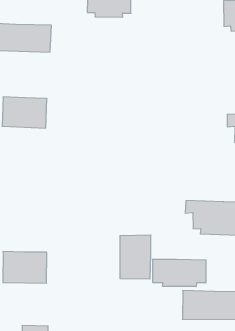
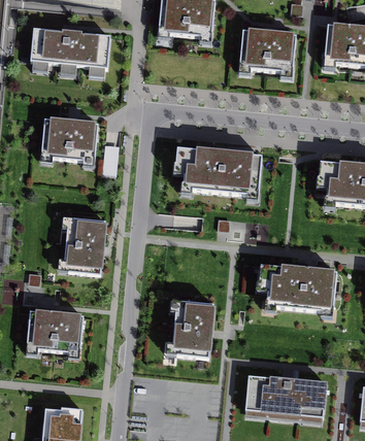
building: none -> [238,28,295,69]
building: none -> [176,149,262,196]
building: none -> [65,218,106,275]
building: [153,259,206,287] -> none

